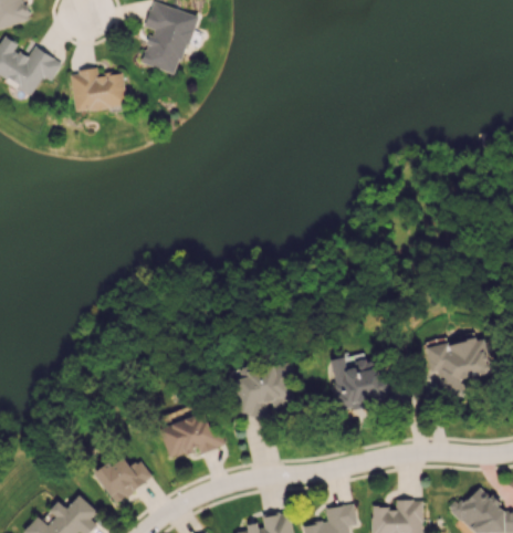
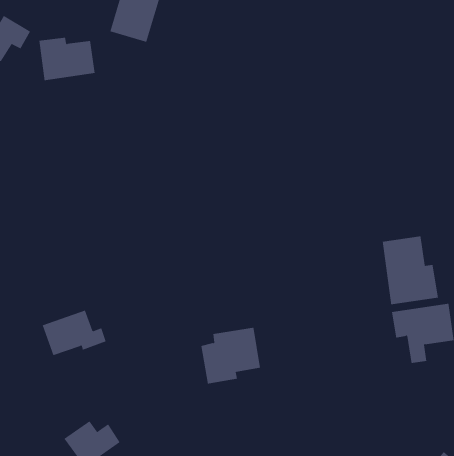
building: none -> [382,235,439,305]
building: [331,357,391,412] -> none
building: [159,412,224,459] -> [42,310,106,356]

